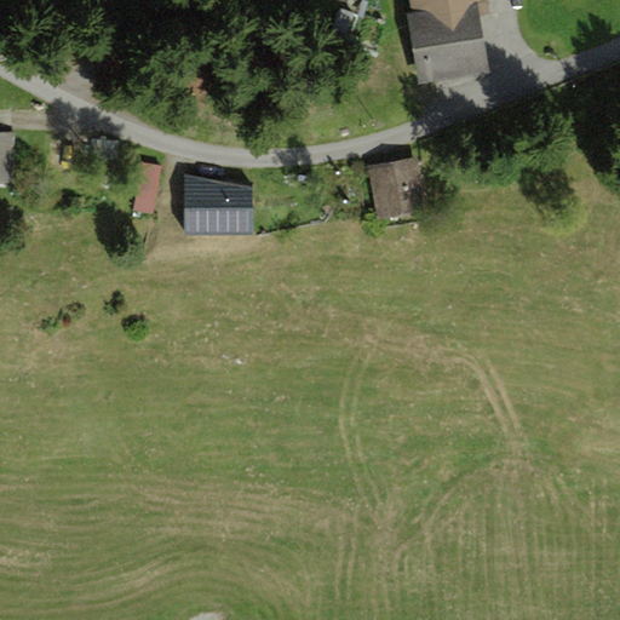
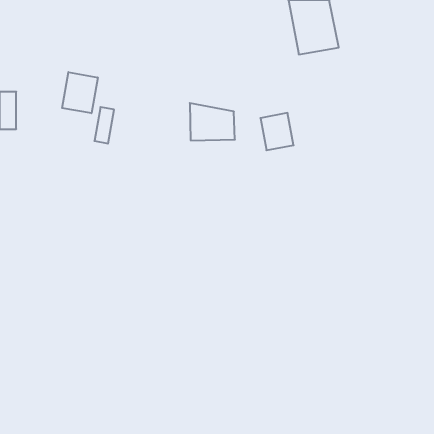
building: none -> [62,72,98,113]
building: [185,178,249,231] -> [190,103,235,140]

